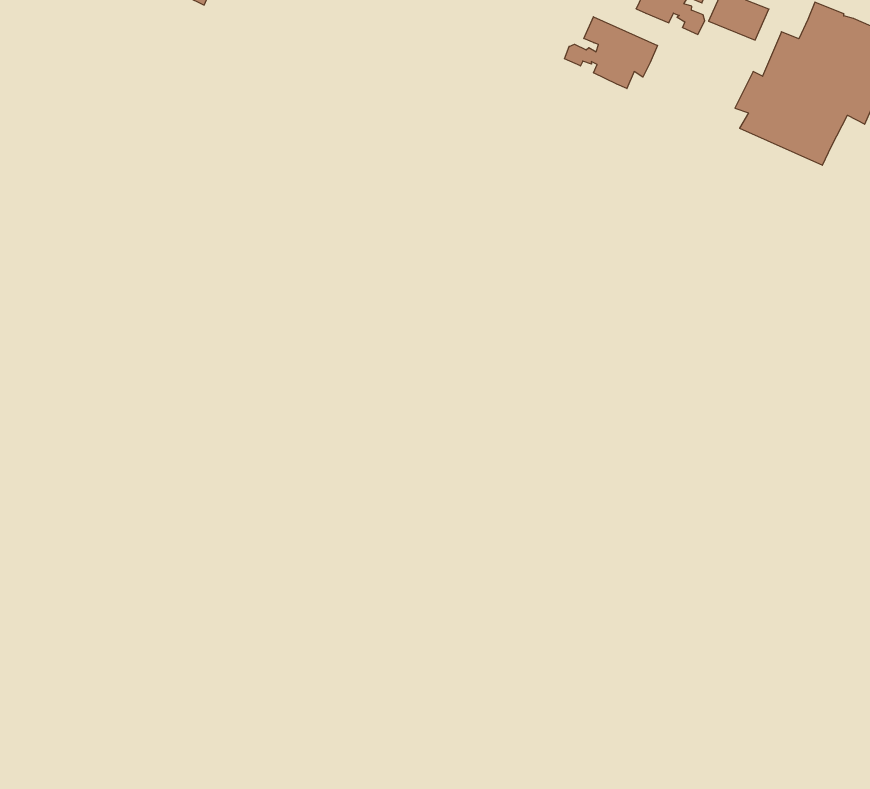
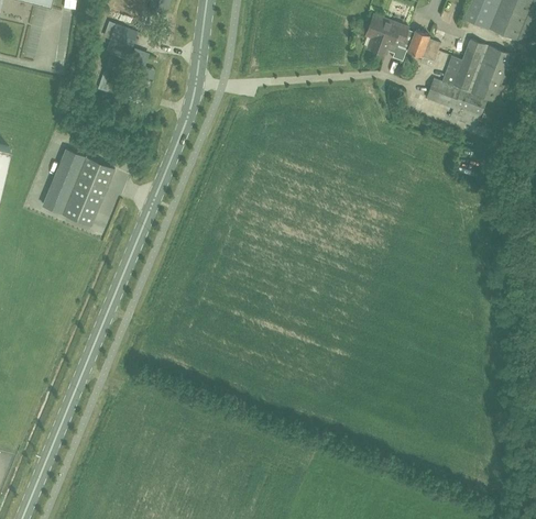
building: [564,17,657,89] -> none
building: none -> [40,148,111,224]

